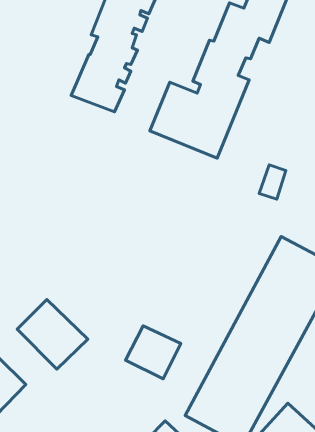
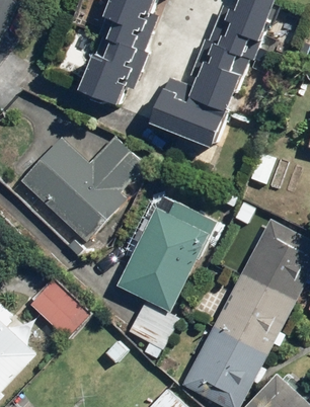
building: none -> [19,136,146,243]
building: none -> [118,201,217,313]

